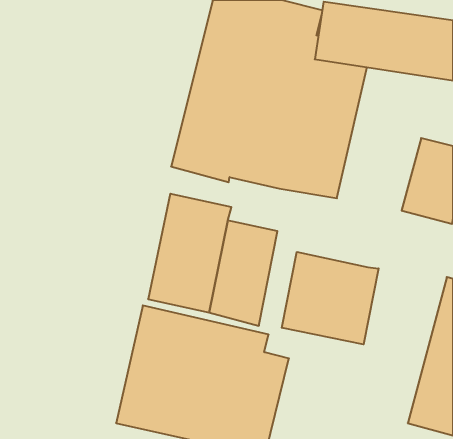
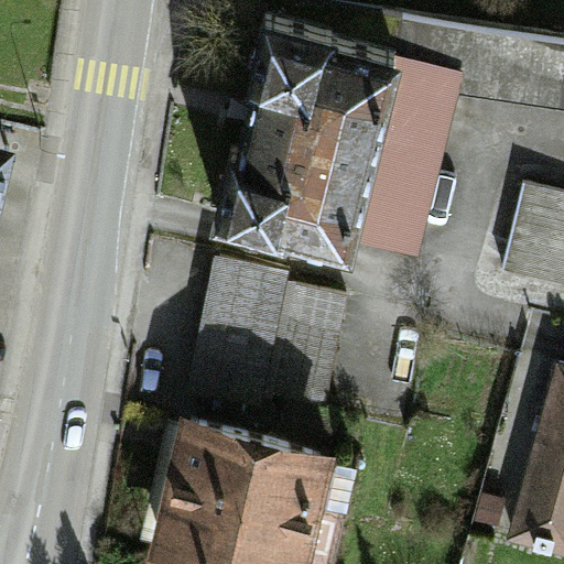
building: [282,252,379,344] -> none

